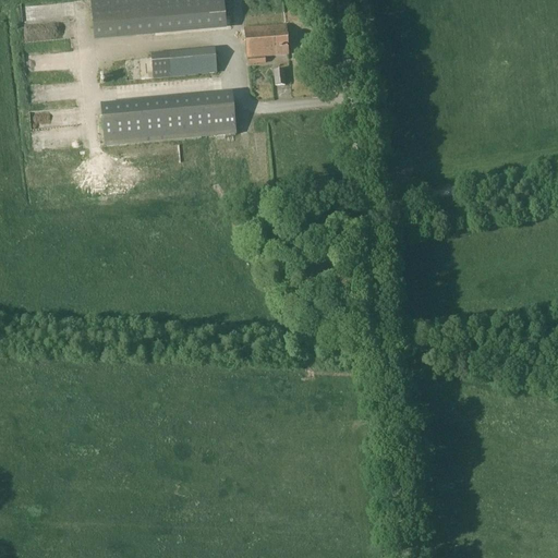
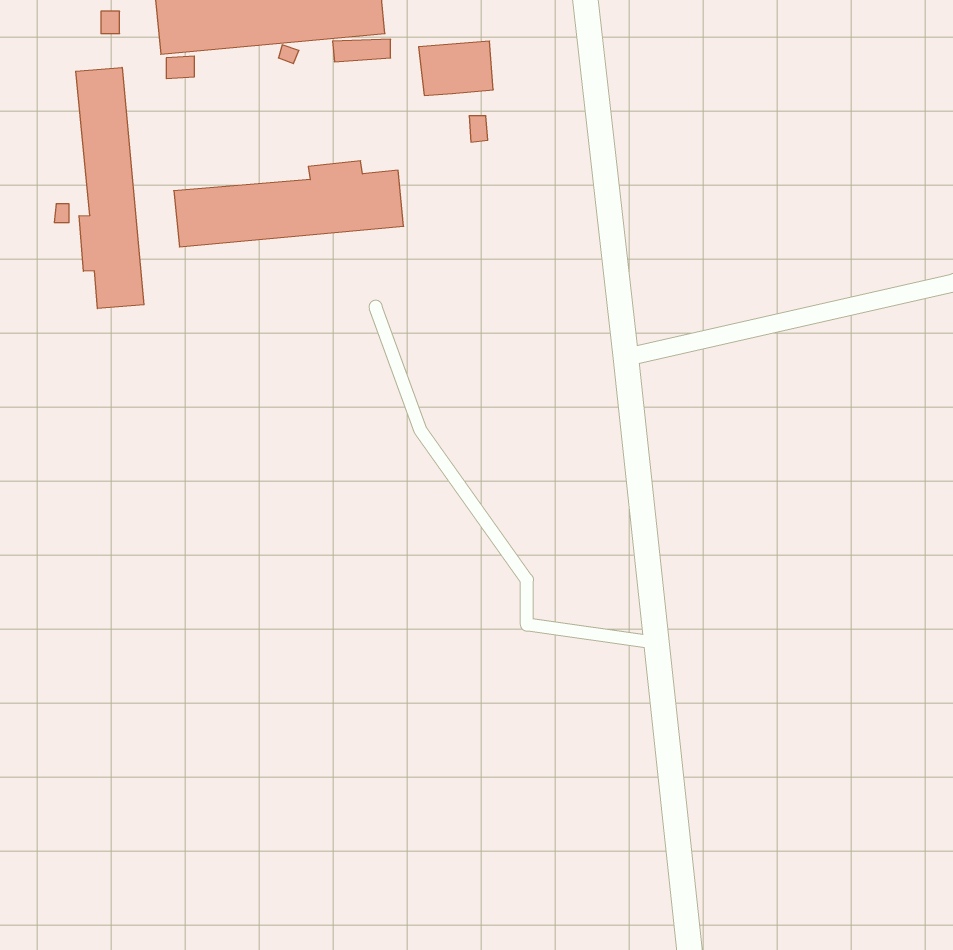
building: none -> [76,67,144,309]
building: [153,49,217,76] -> none

